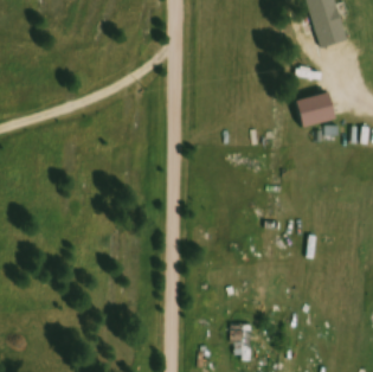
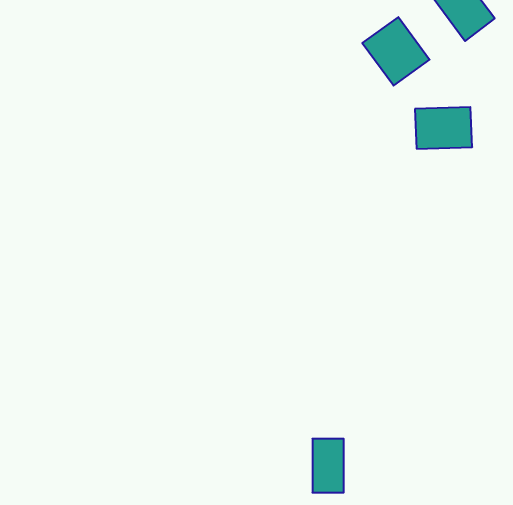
building: none -> [362,17,430,86]

